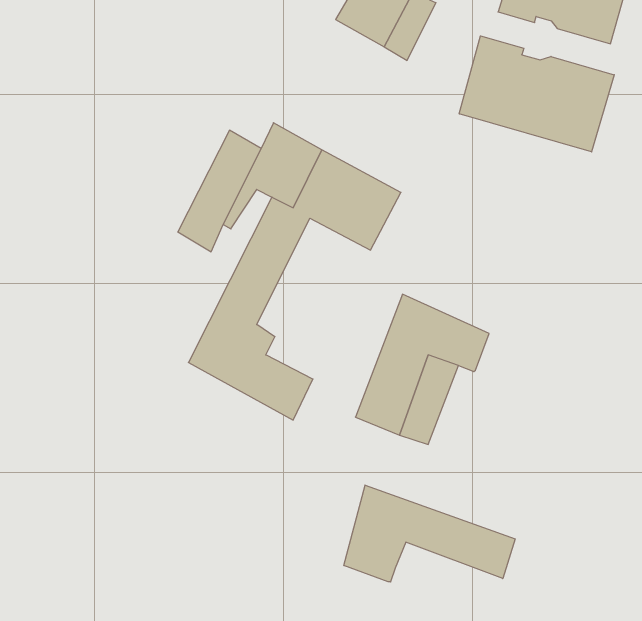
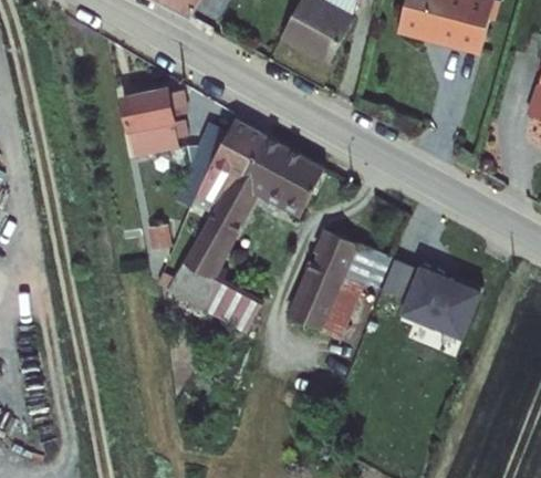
building: [459,36,614,152] -> none
building: none -> [125,85,184,153]
building: none -> [379,261,480,340]
building: [344,485,515,582] -> none

